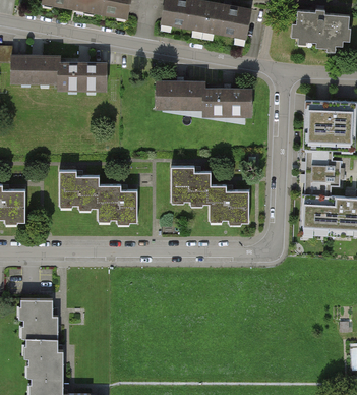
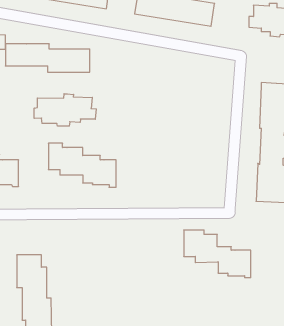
building: [158,82,252,114] -> none
building: none -> [34,94,96,126]
building: [172,167,249,222] -> [184,230,251,278]

